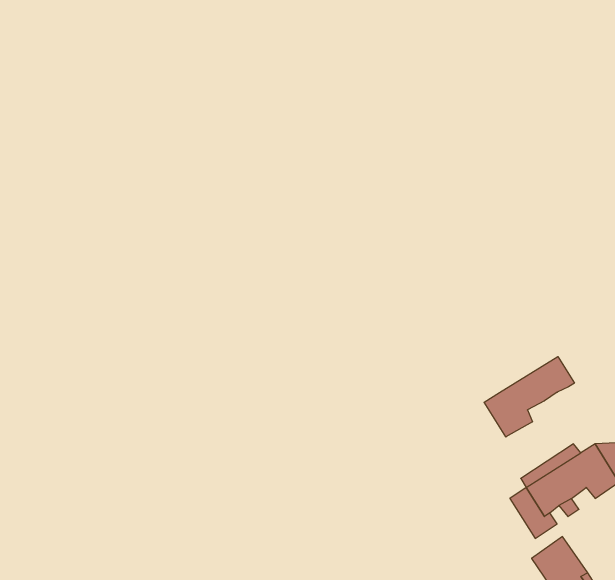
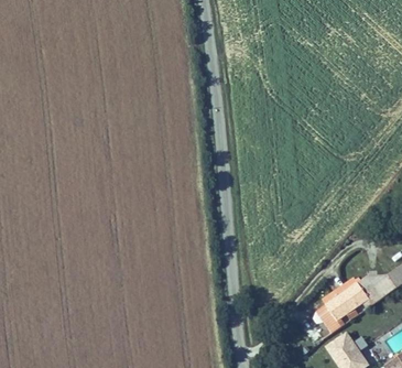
building: [484,357,574,437] -> none

